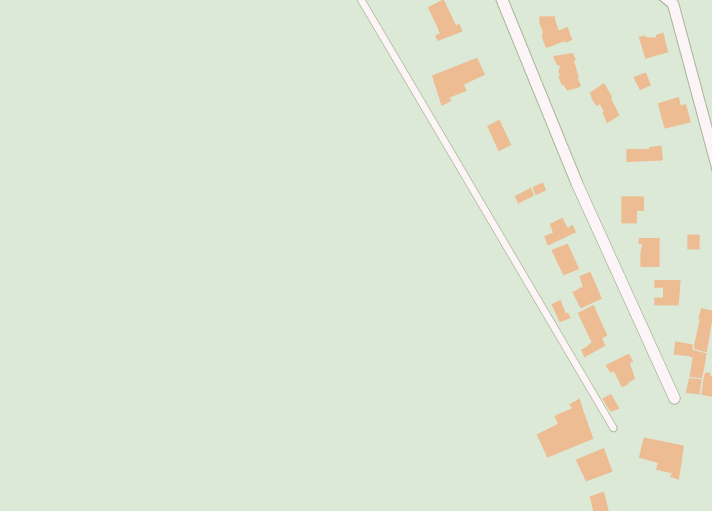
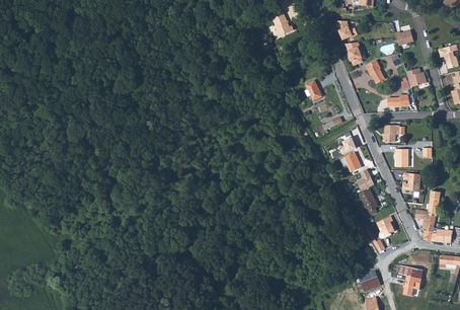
building: [431,57,486,107] -> none
building: [536,398,594,459] -> none

